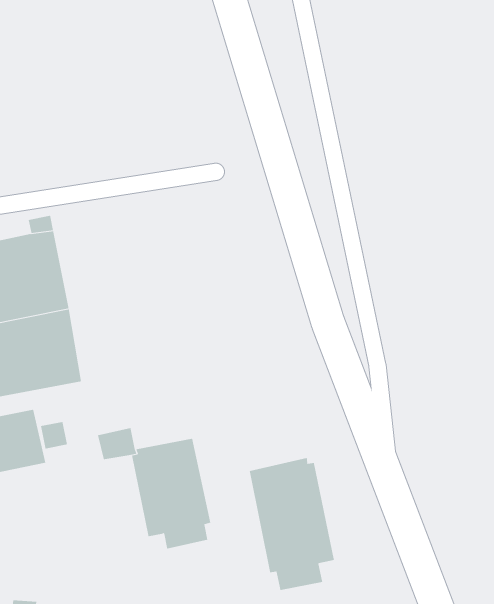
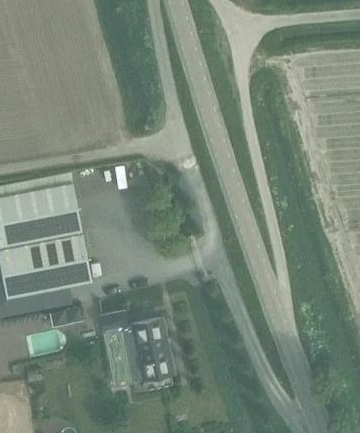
building: [249,457,335,591] -> none

